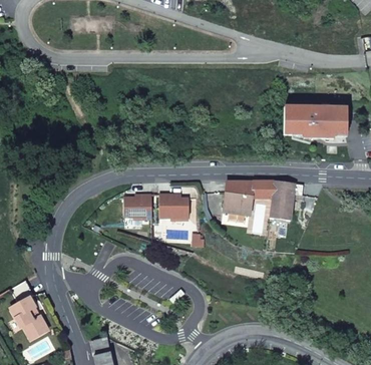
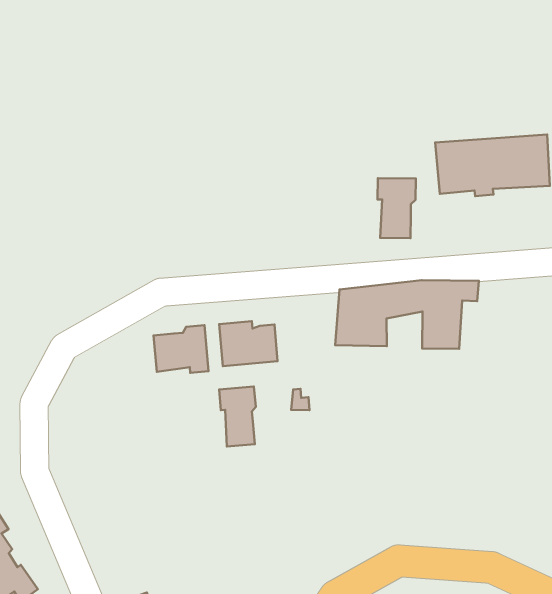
building: none -> [378,178,416,238]
building: none -> [219,387,256,447]

